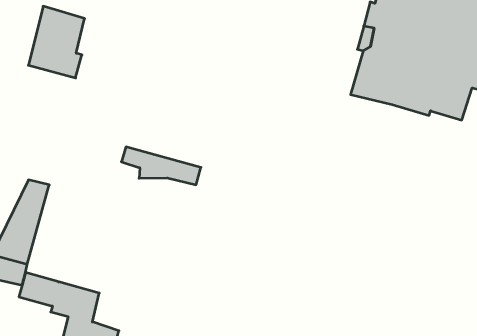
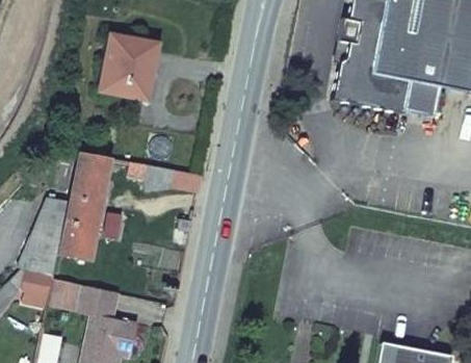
building: [28,6,85,78] -> [104,36,151,98]
building: none -> [62,151,111,260]

